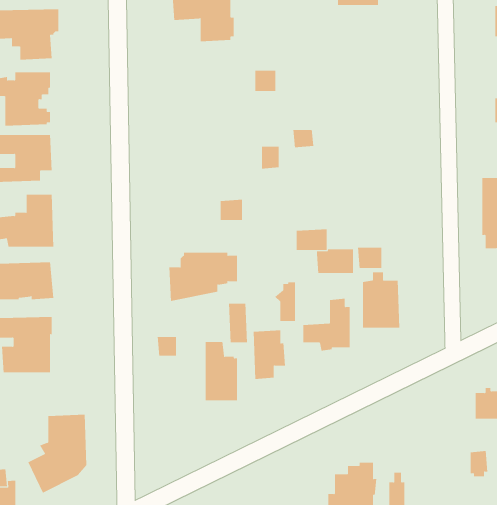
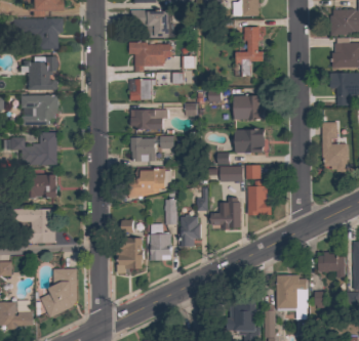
building: none -> [234,27,263,77]
building: none -> [129,41,171,71]
building: none -> [130,79,156,100]
building: none -> [234,95,265,120]
building: none -> [129,110,168,130]
building: none -> [235,129,265,153]
building: none -> [130,137,156,161]
building: none -> [117,238,144,273]
building: none -> [277,274,308,319]

